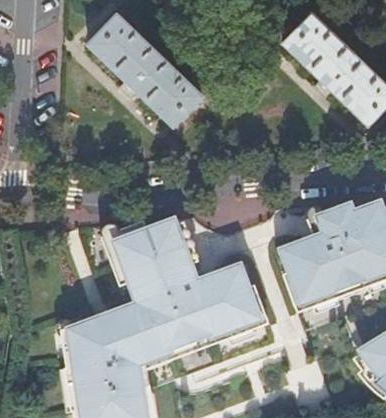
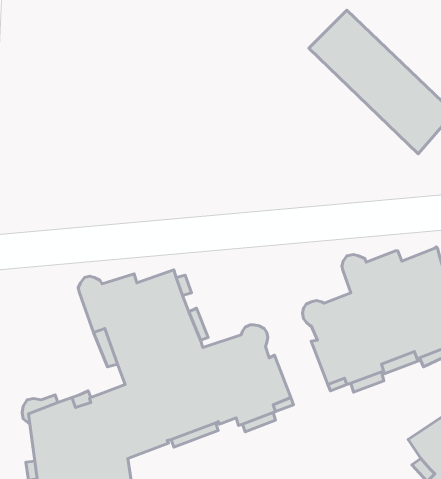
building: [86,14,200,126] -> none

